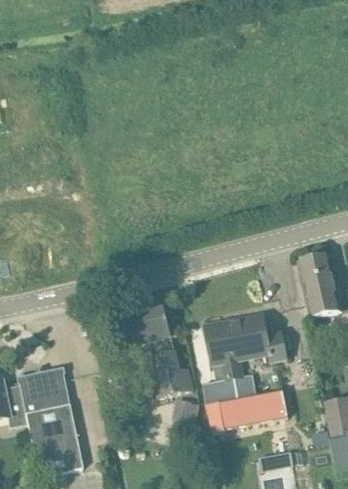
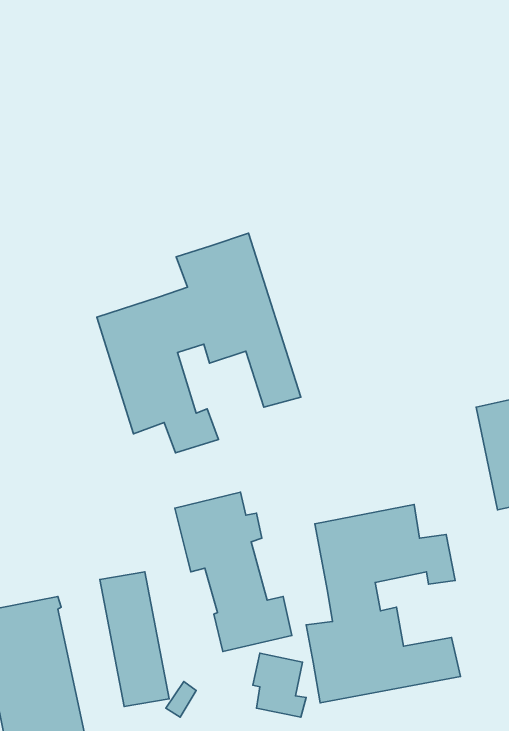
building: none -> [97,233,301,453]
building: none -> [100,572,169,707]

